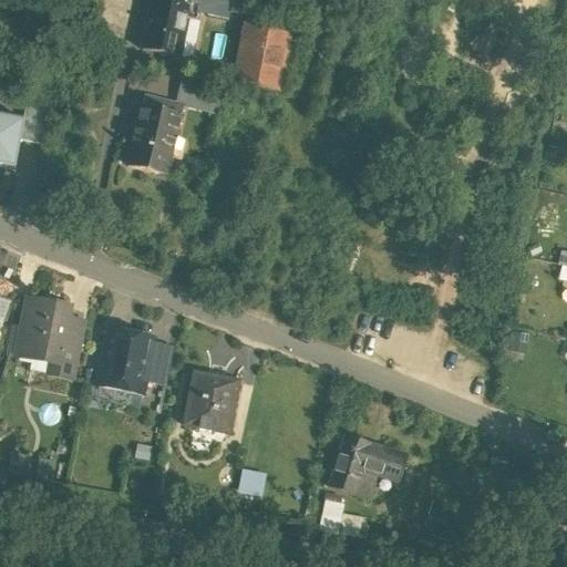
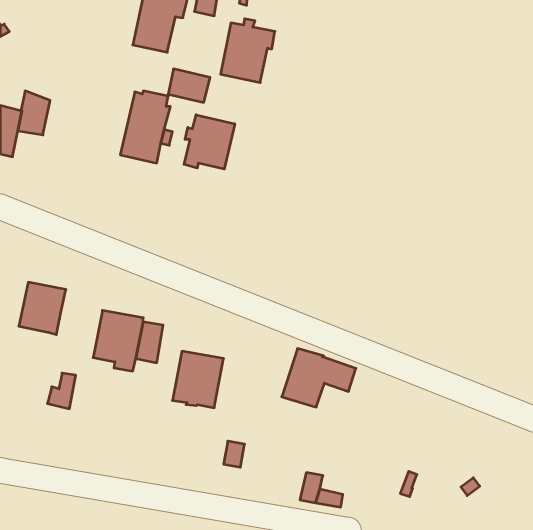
building: none -> [184,115,235,169]
building: [49,338,79,375] -> [47,373,76,409]
building: [328,435,406,497] -> [282,349,356,407]

